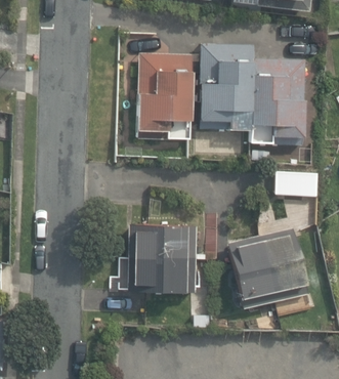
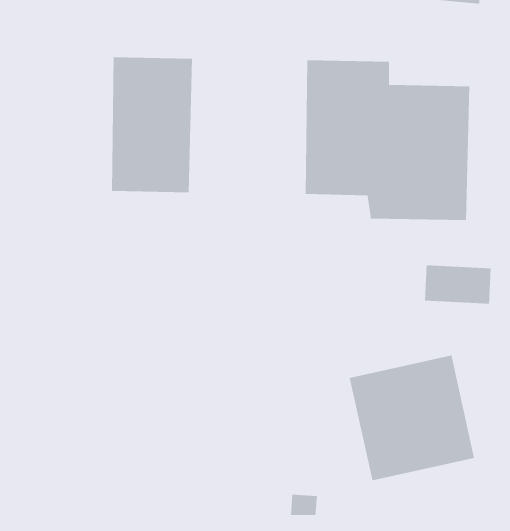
building: [139,54,190,139] -> [111,57,193,193]
building: [128,224,196,293] -> none

